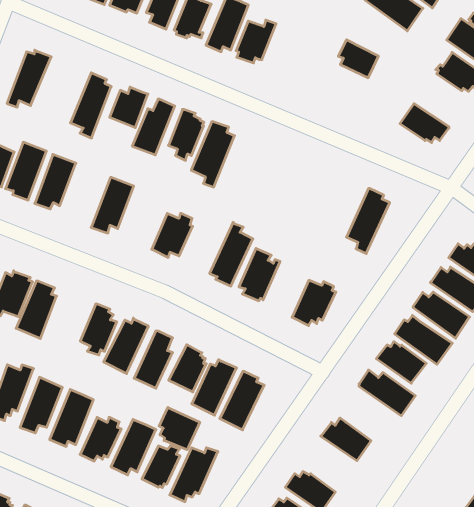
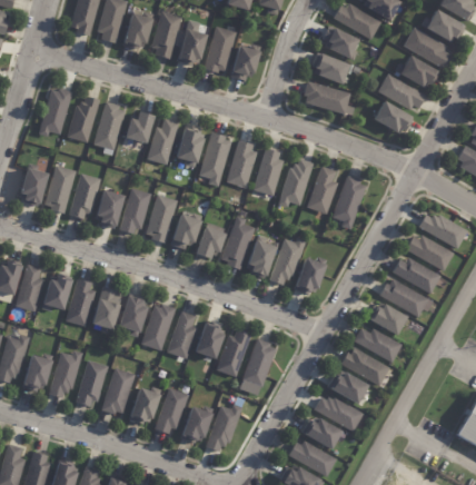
building: none -> [321,27,357,60]
building: none -> [67,96,99,142]
building: none -> [375,73,423,110]
building: none -> [301,81,351,116]
building: none -> [226,139,257,187]
building: none -> [254,148,284,196]
building: none -> [278,158,314,206]
building: none -> [307,167,338,215]
building: none -> [96,189,127,228]
building: none -> [145,195,177,244]
building: none -> [196,221,226,258]
building: none -> [270,237,306,284]
building: none -> [92,287,121,334]
building: none -> [340,347,389,386]
building: [159,407,200,450] -> none
building: none -> [315,397,364,432]

